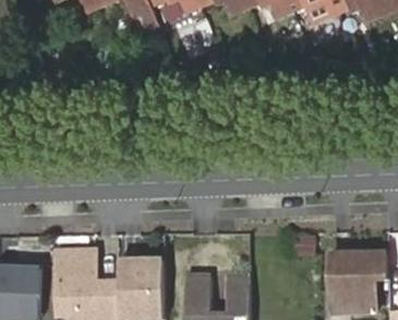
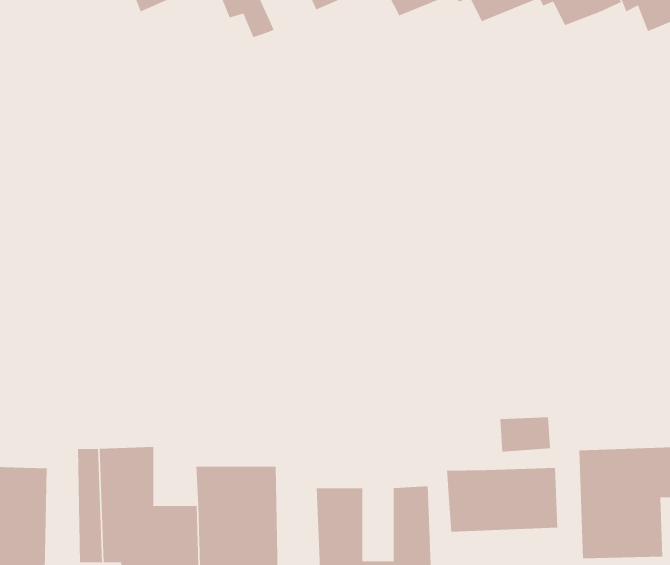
building: none -> [446,467,558,533]

